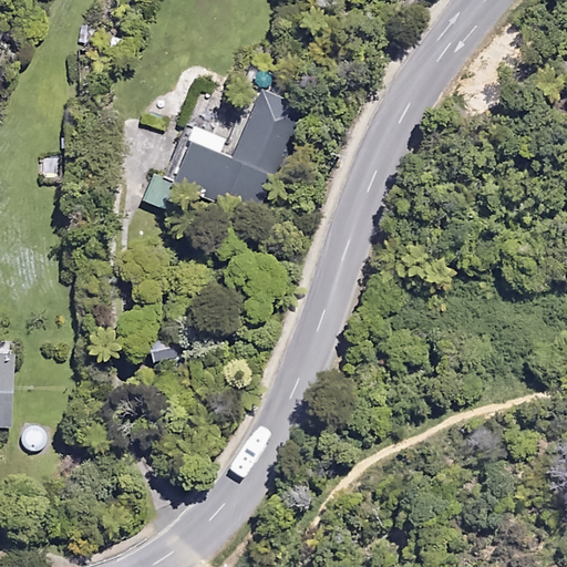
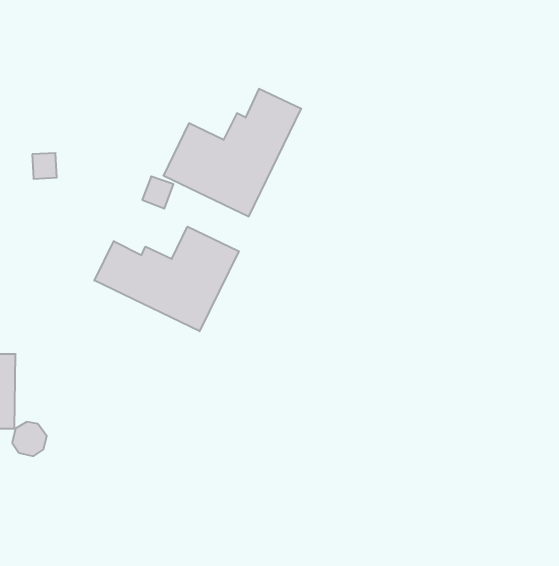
building: none -> [94,227,239,331]

